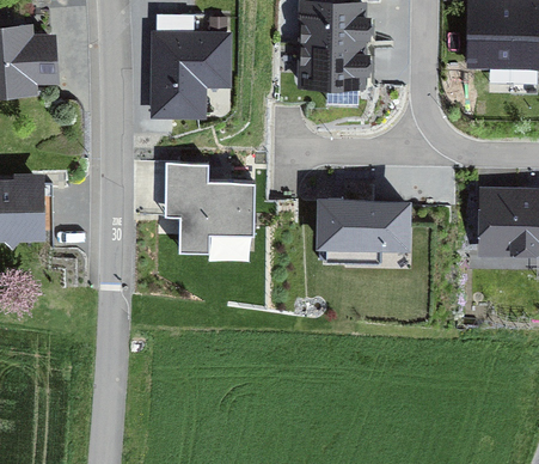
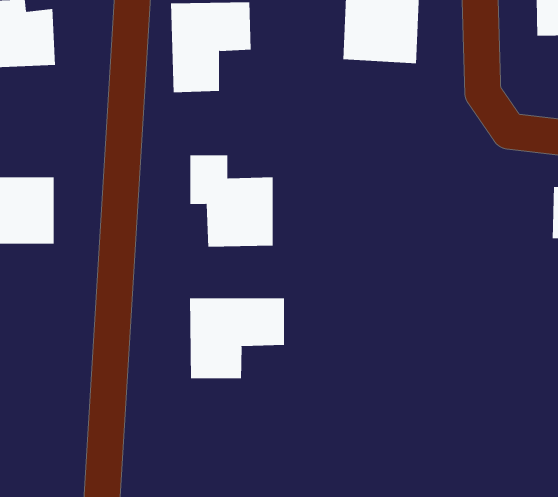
building: [317,197,404,249] -> none
building: none -> [189,297,284,379]

